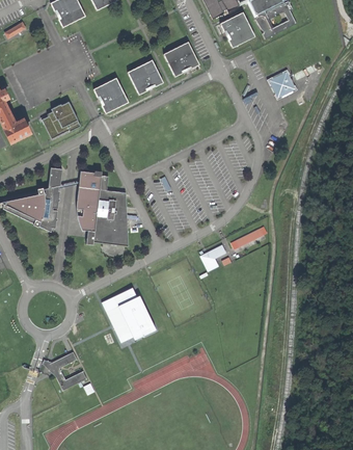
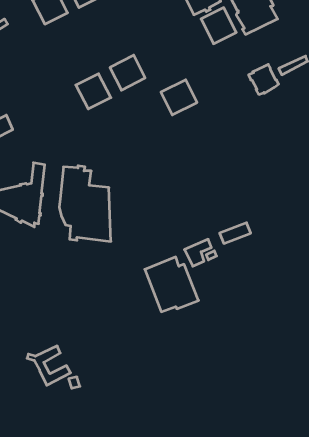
building: [162,41,198,76] -> [161,80,197,115]
building: [45,99,82,136] -> none
building: [105,286,159,341] -> [145,257,199,312]

